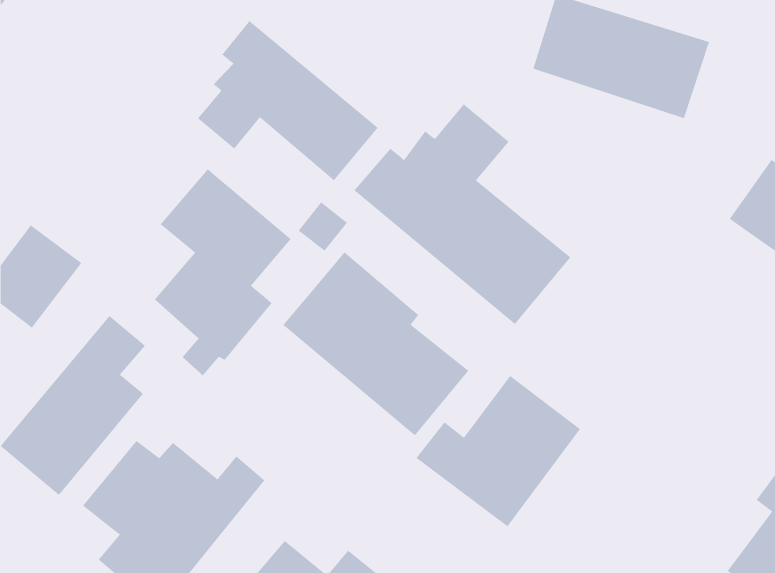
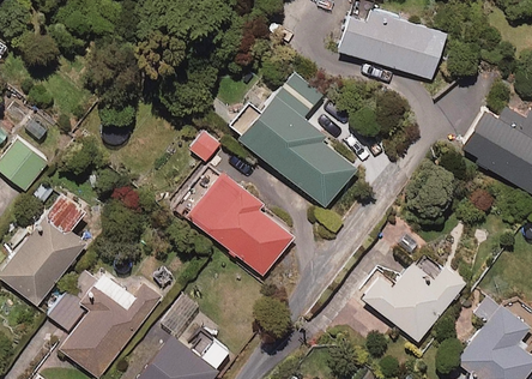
building: [197,20,379,181] -> none
building: [154,168,292,376] -> none
building: [415,375,581,527] -> [359,246,463,341]

